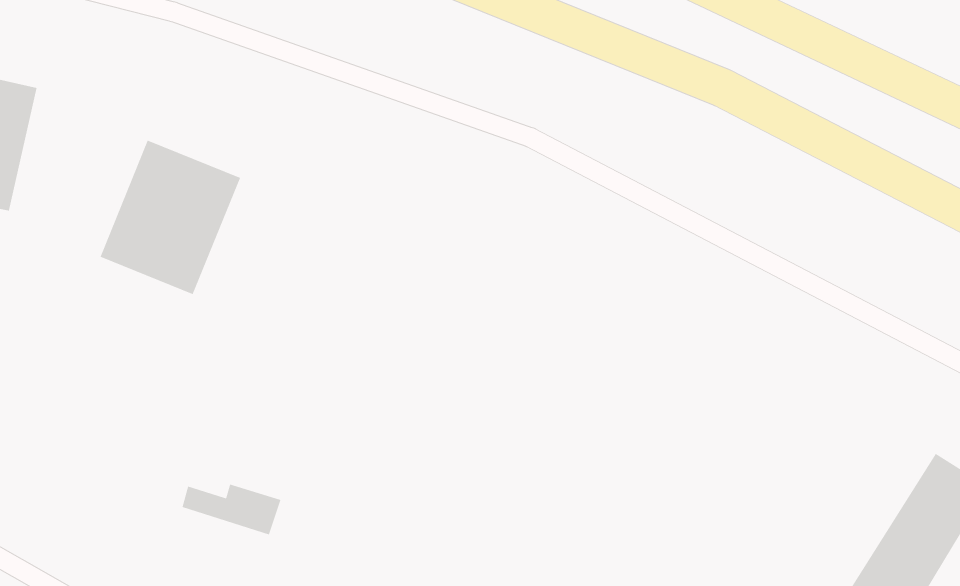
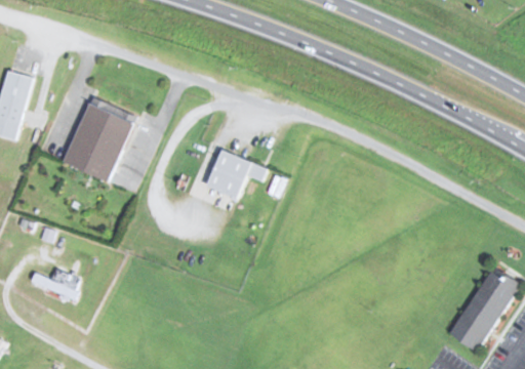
building: none -> [207,150,268,200]
building: [182,484,281,535] -> [28,272,79,298]

